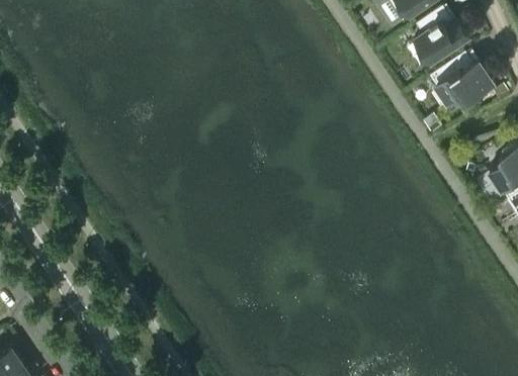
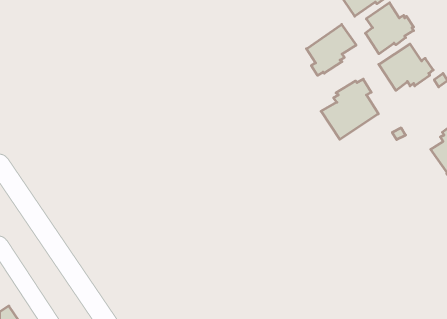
building: none -> [306,24,356,75]
building: none -> [321,79,378,139]

